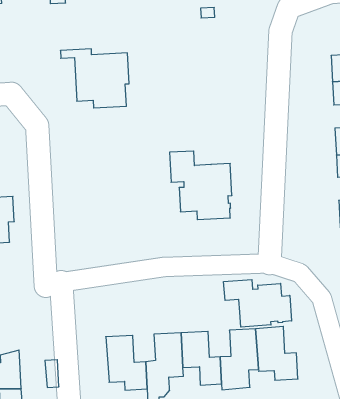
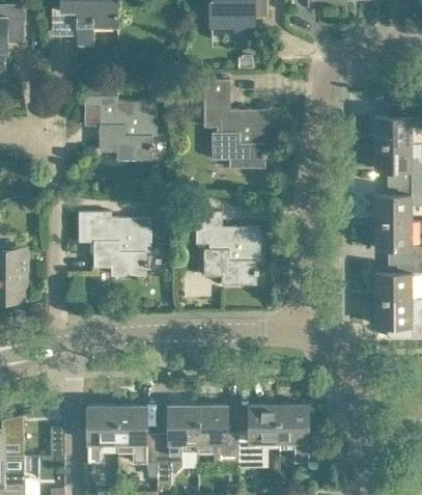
building: none -> [204,79,269,167]
building: none -> [79,212,151,275]
building: [224,280,292,327] -> none
building: none -> [88,405,118,463]

